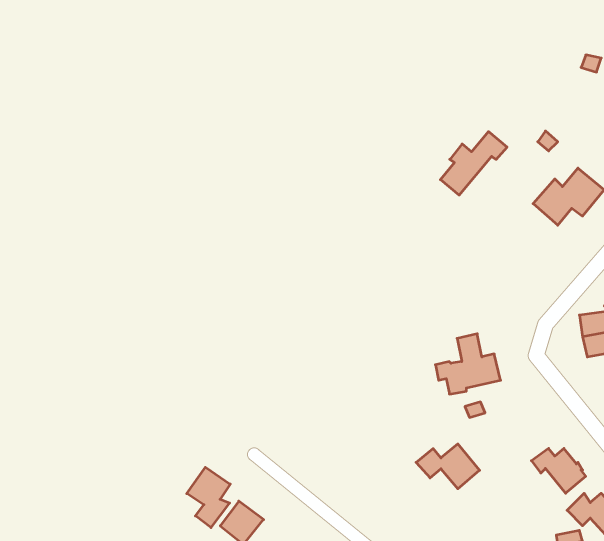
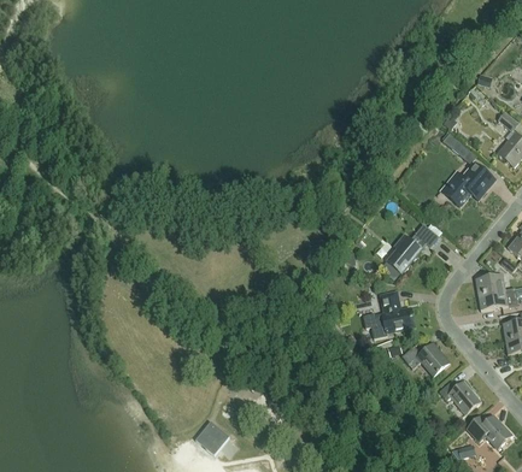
building: [440,132,507,195] -> [386,224,438,273]
building: [416,444,480,489] -> [400,342,450,377]
building: [187,467,230,528] -> none

